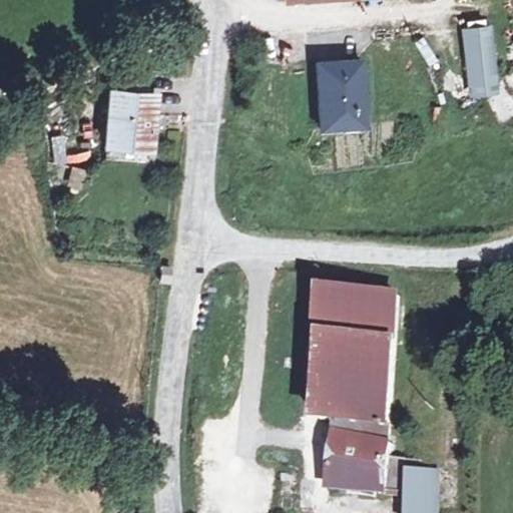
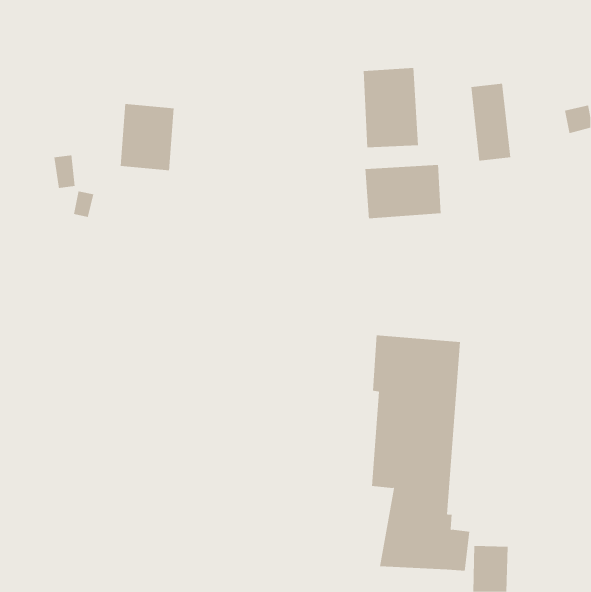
building: [457,24,492,91] -> [470,83,511,161]
building: none -> [365,164,441,219]

